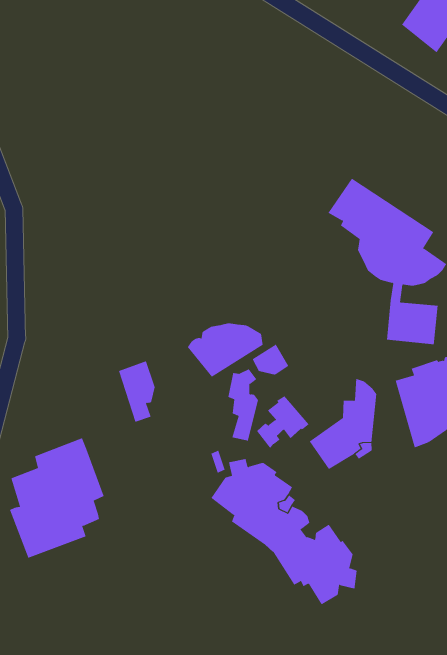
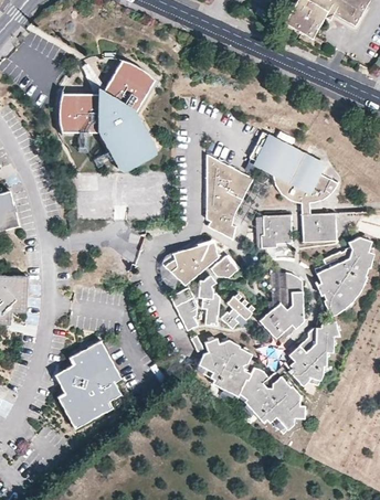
building: none -> [57,61,157,170]
building: none -> [208,157,253,241]
building: none -> [262,215,293,248]
building: [118,361,155,422] -> [171,287,199,331]
building: none -> [289,321,340,386]

